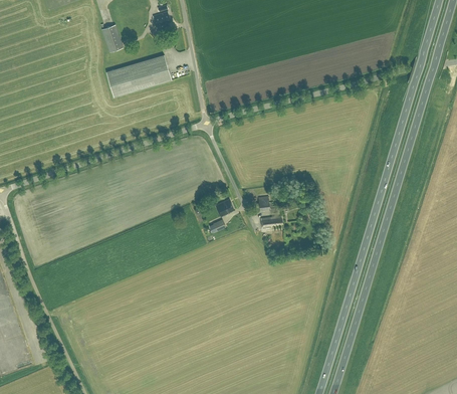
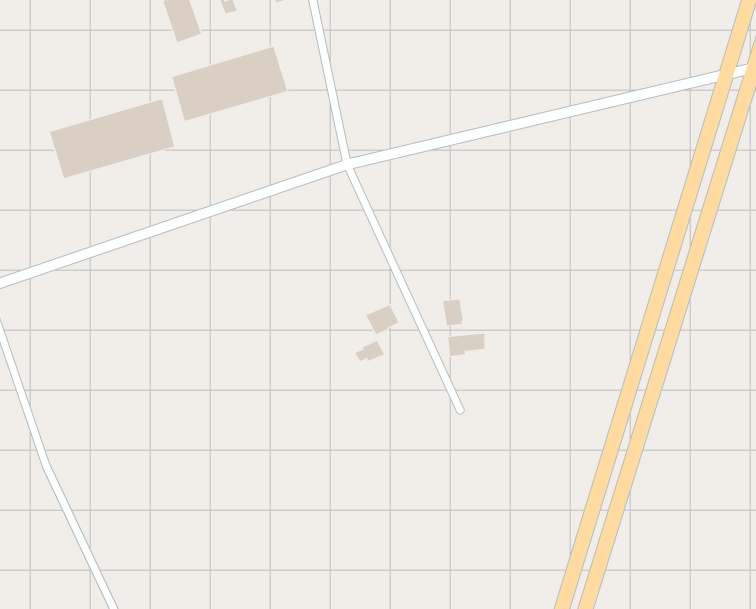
building: none -> [49,98,175,179]

